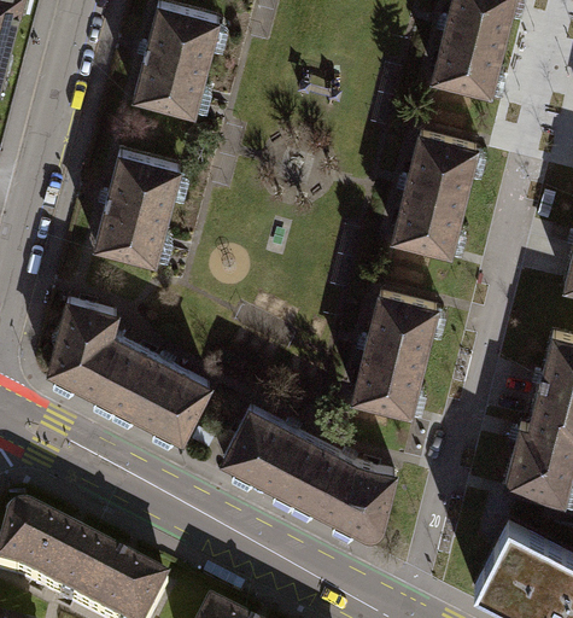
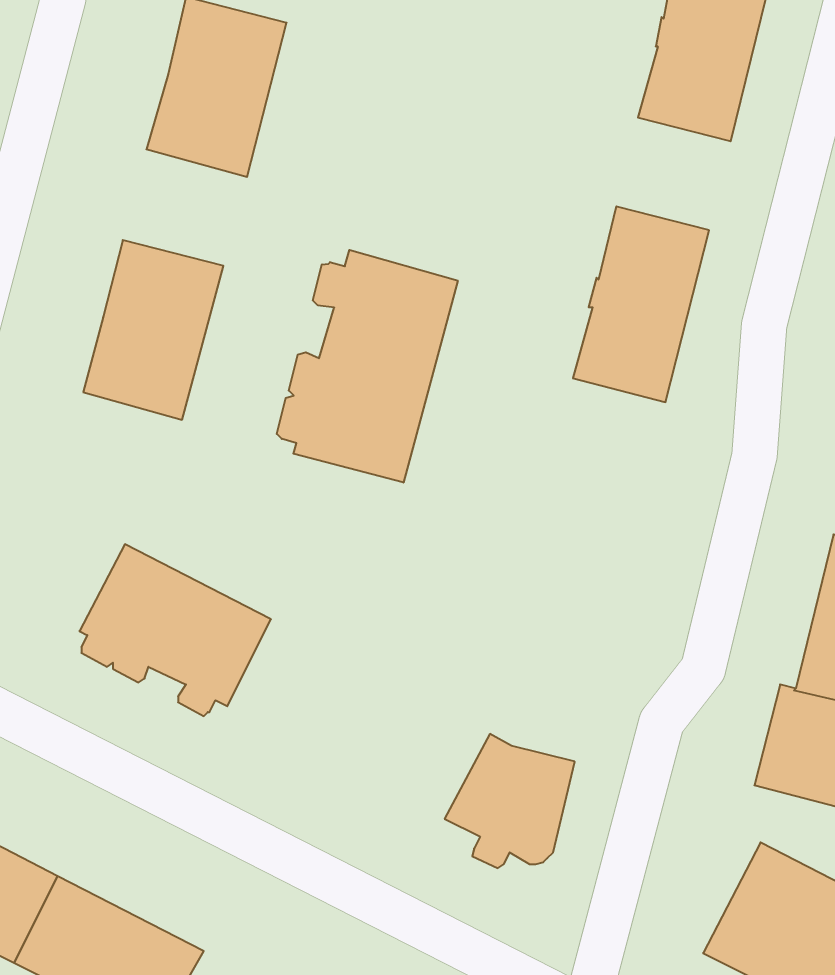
building: none -> [277,250,458,483]
building: [355,293,437,412] -> none
building: [51,301,121,392] -> none
building: [224,408,344,517] -> none

